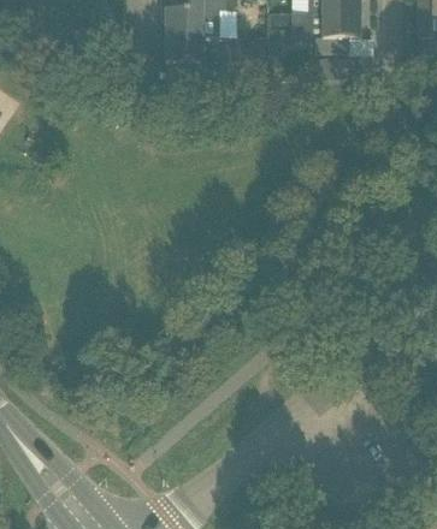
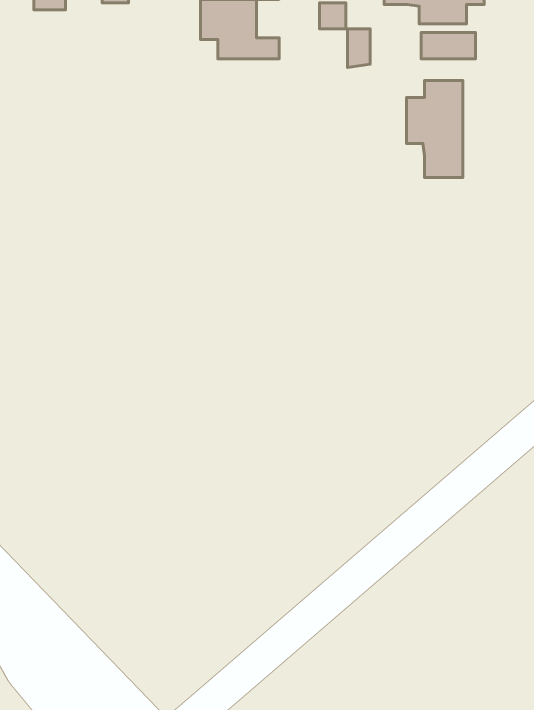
building: none -> [406,81,463,177]

